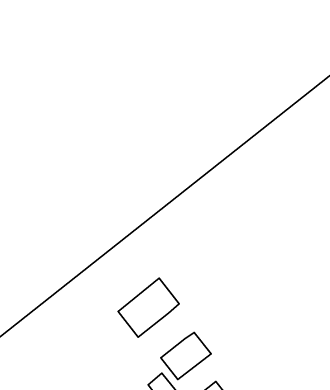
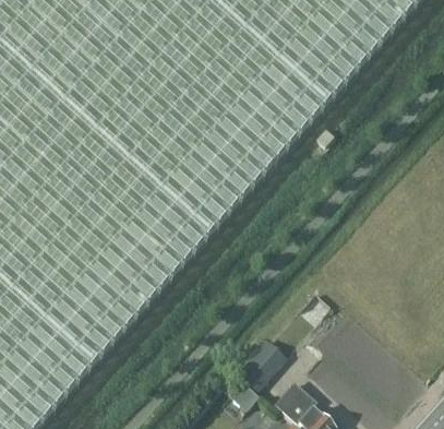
building: [118,278,179,337] -> none

